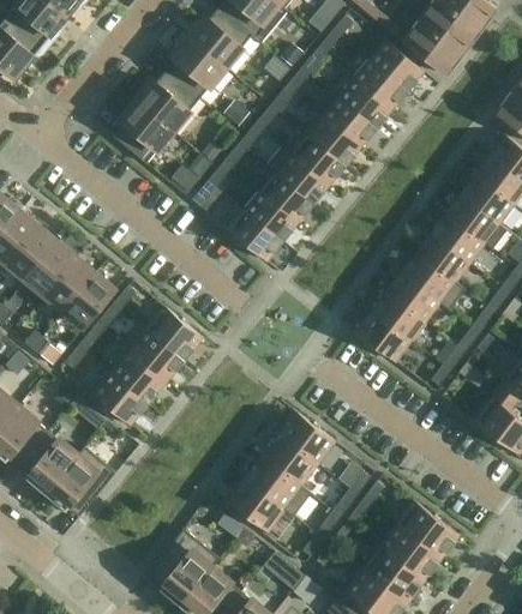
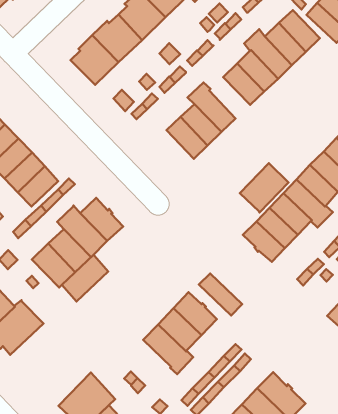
building: [292,134,346,185] -> none
building: [228,210,282,260] -> none
building: none -> [240,163,289,213]
building: none -> [62,255,108,301]
building: none -> [199,274,242,315]
building: [227,478,284,531] -> none

